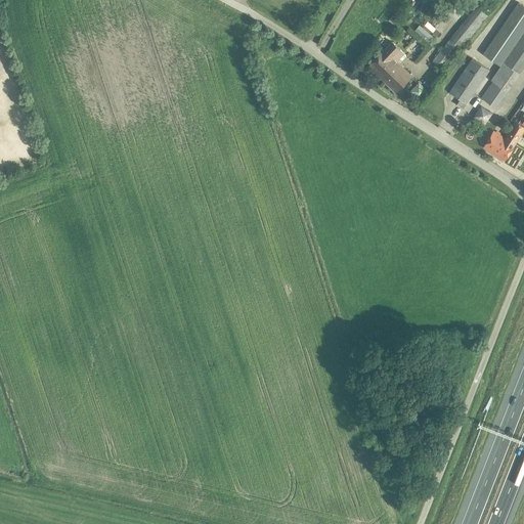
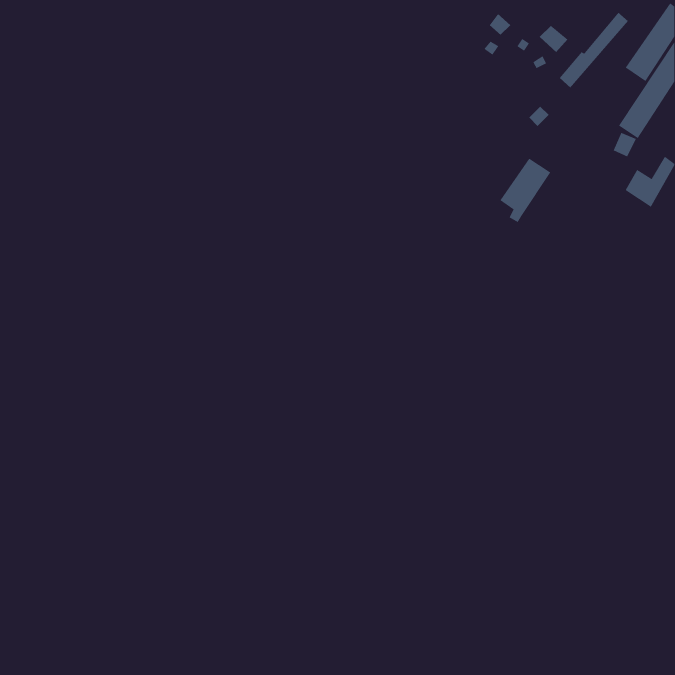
building: [366,42,411,93] -> none
building: [449,59,489,110] -> [500,158,551,223]

